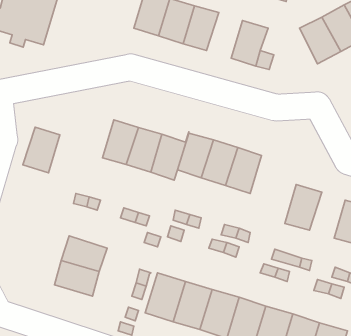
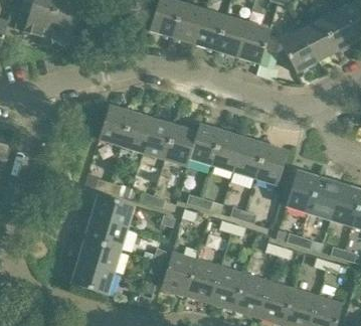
building: none -> [216,16,248,57]
building: none -> [279,30,316,73]
building: [23,127,60,173] -> [100,106,133,147]
building: none -> [255,145,288,185]
building: none -> [309,178,341,219]
building: none -> [93,195,133,228]
building: none -> [72,262,114,294]

